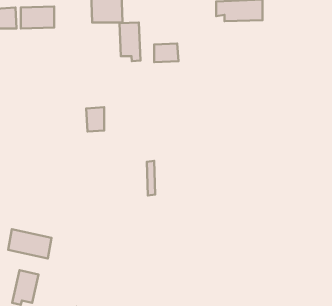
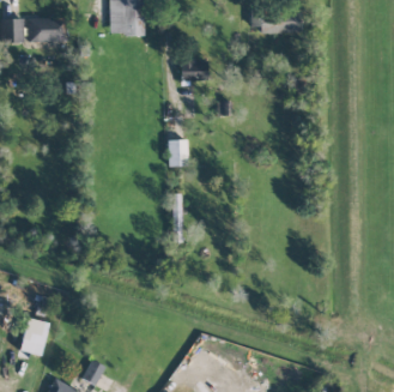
building: [119,22,141,61] -> none
building: [86,107,104,131] -> [169,139,189,167]
building: [8,229,51,259] -> none

